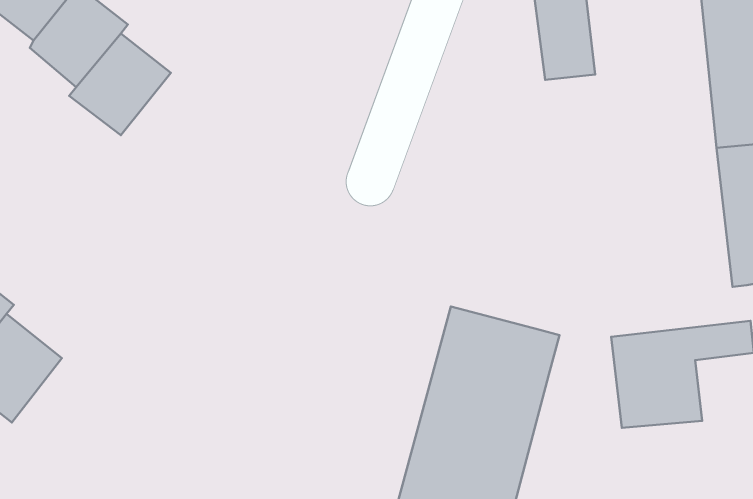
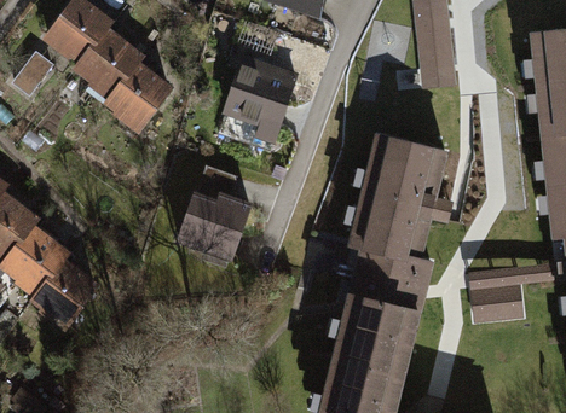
building: none -> [220,58,298,151]
building: none -> [346,133,449,262]
building: none -> [179,190,252,261]

